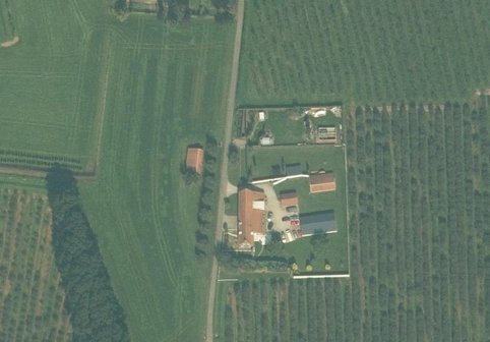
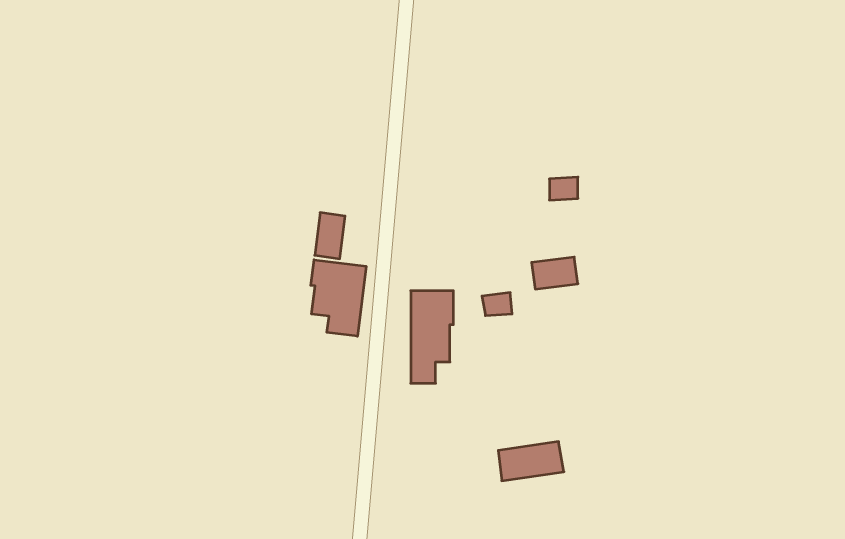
building: none -> [311,260,366,336]
building: [299,213,336,235] -> [498,442,564,481]

